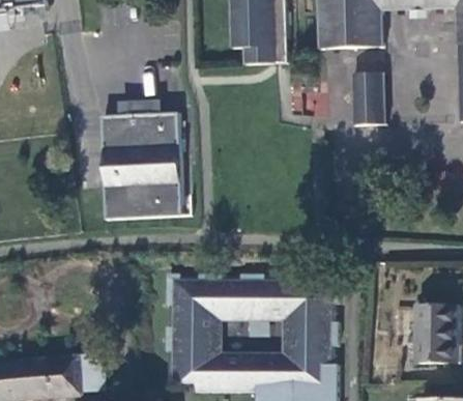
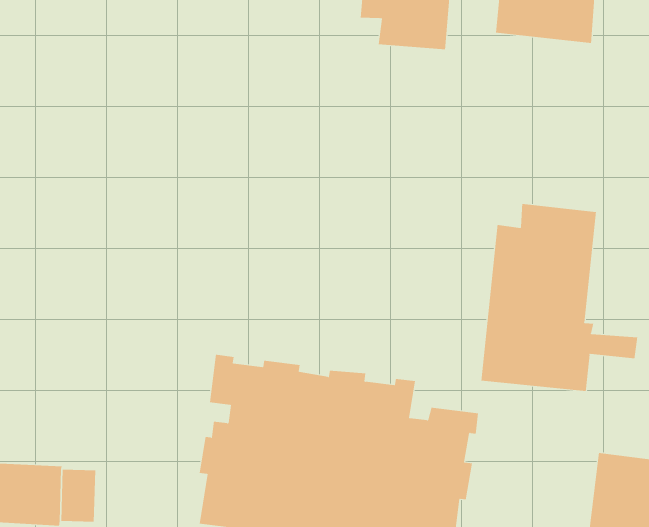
building: [351,71,384,124] -> none
building: [100,113,183,221] -> none
building: none -> [481,203,638,392]

